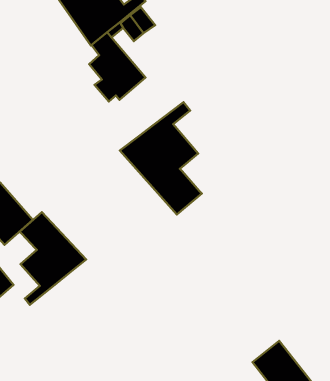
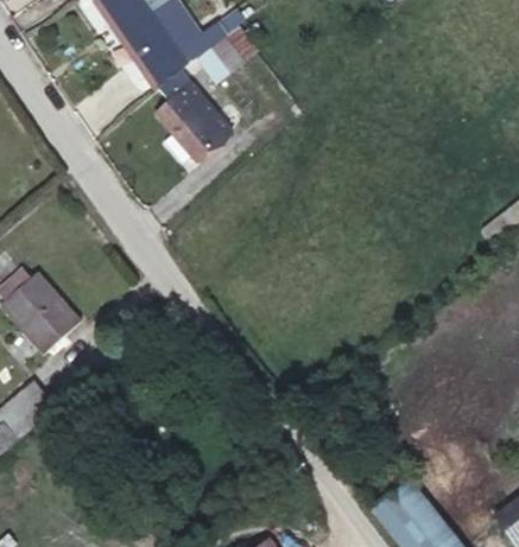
building: [120,102,202,215] -> none
building: [20,212,86,305] -> none

